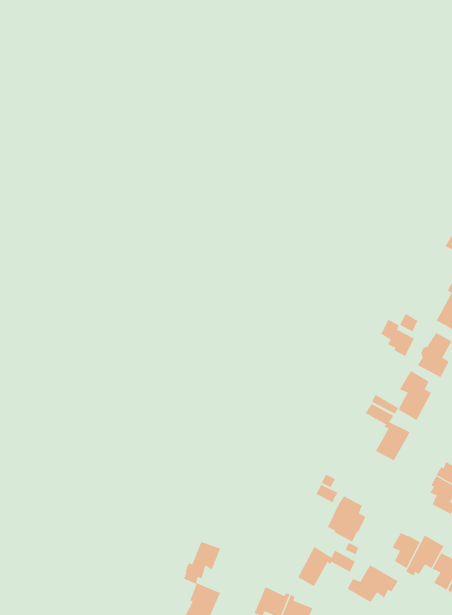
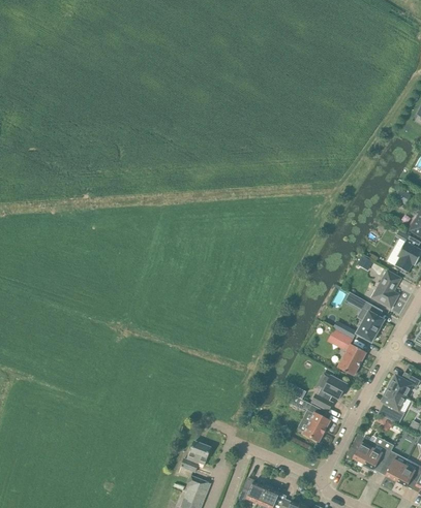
building: [380,319,414,357] -> none
building: none -> [311,377,347,412]
building: [297,546,356,587] -> none
building: [347,564,399,603] -> none

